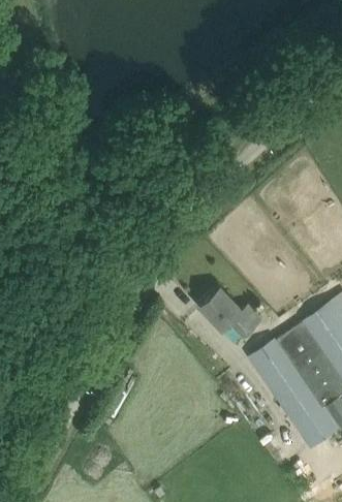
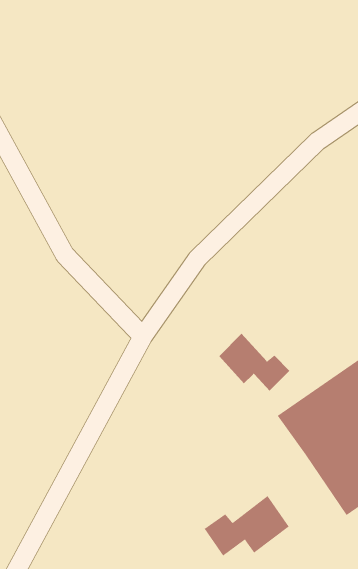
building: none -> [204,495,289,557]

